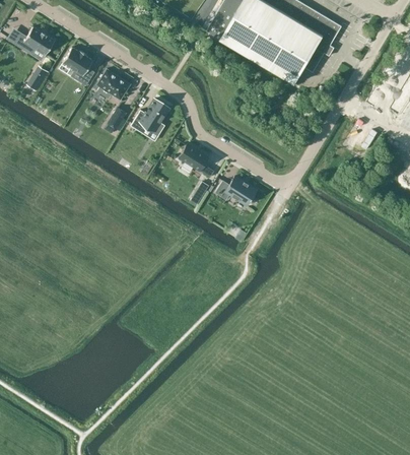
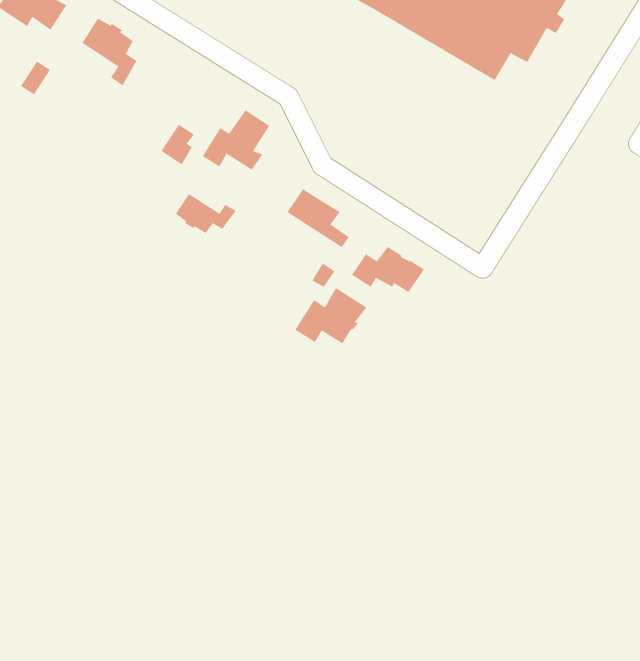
building: [96,69,129,100] -> none
building: none -> [175,193,237,234]
building: none -> [295,287,367,344]

